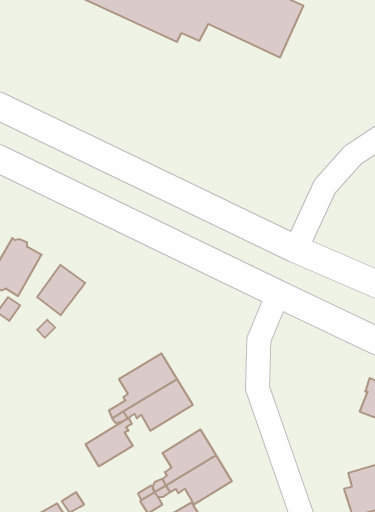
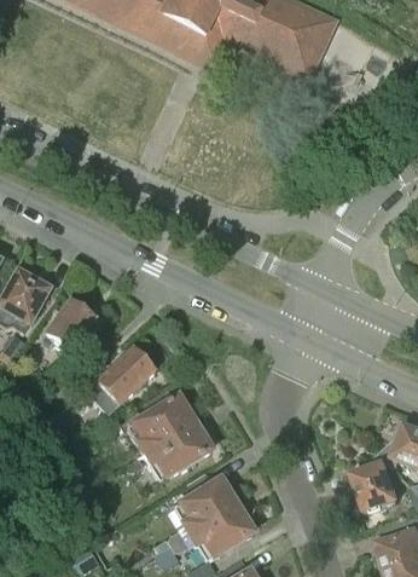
building: none -> [95,345,155,403]
building: none -> [350,461,397,512]
building: [86,418,133,466] -> none

